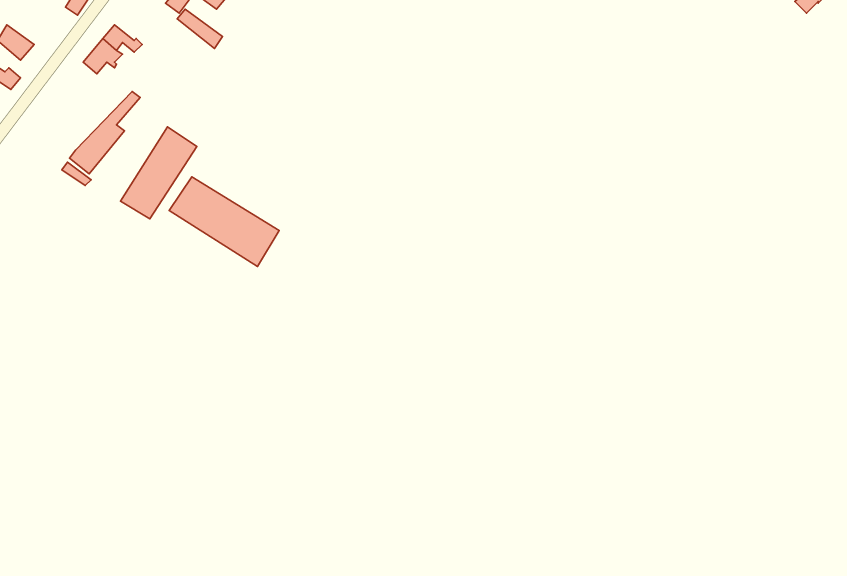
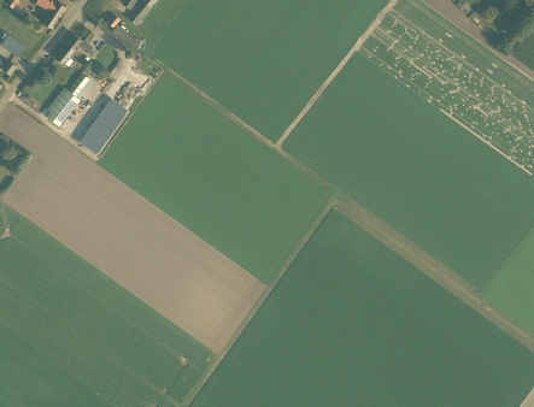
building: [169,177,279,266] -> none

